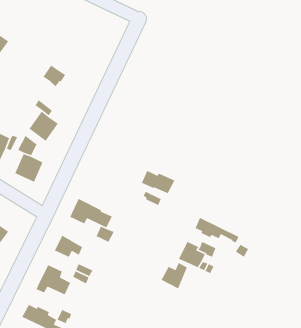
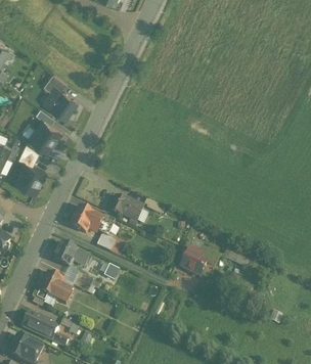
building: none -> [43,90,77,117]
building: [141,170,175,194] -> [109,196,144,221]
building: [194,217,239,244] -> none
building: [160,262,188,289] -> none

